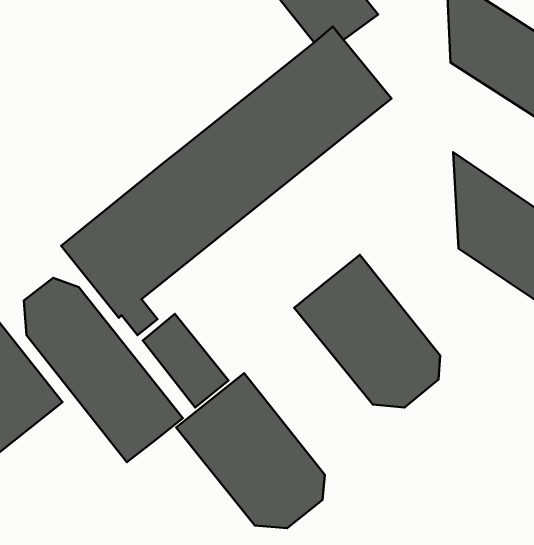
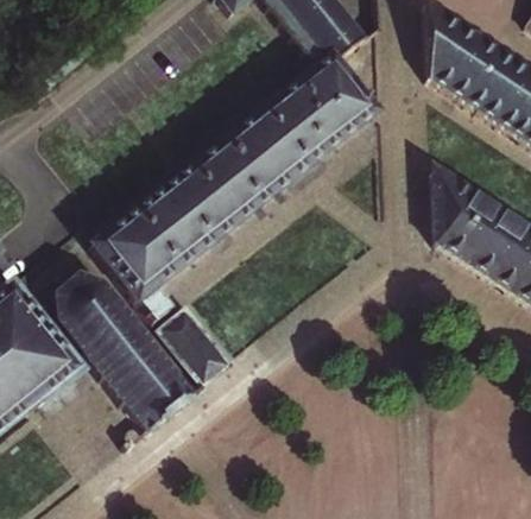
building: [294,255,440,408] -> none
building: [176,373,325,528] -> none

